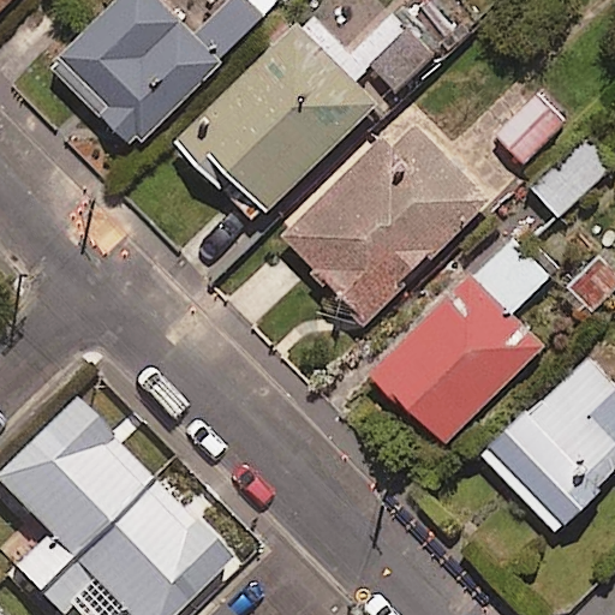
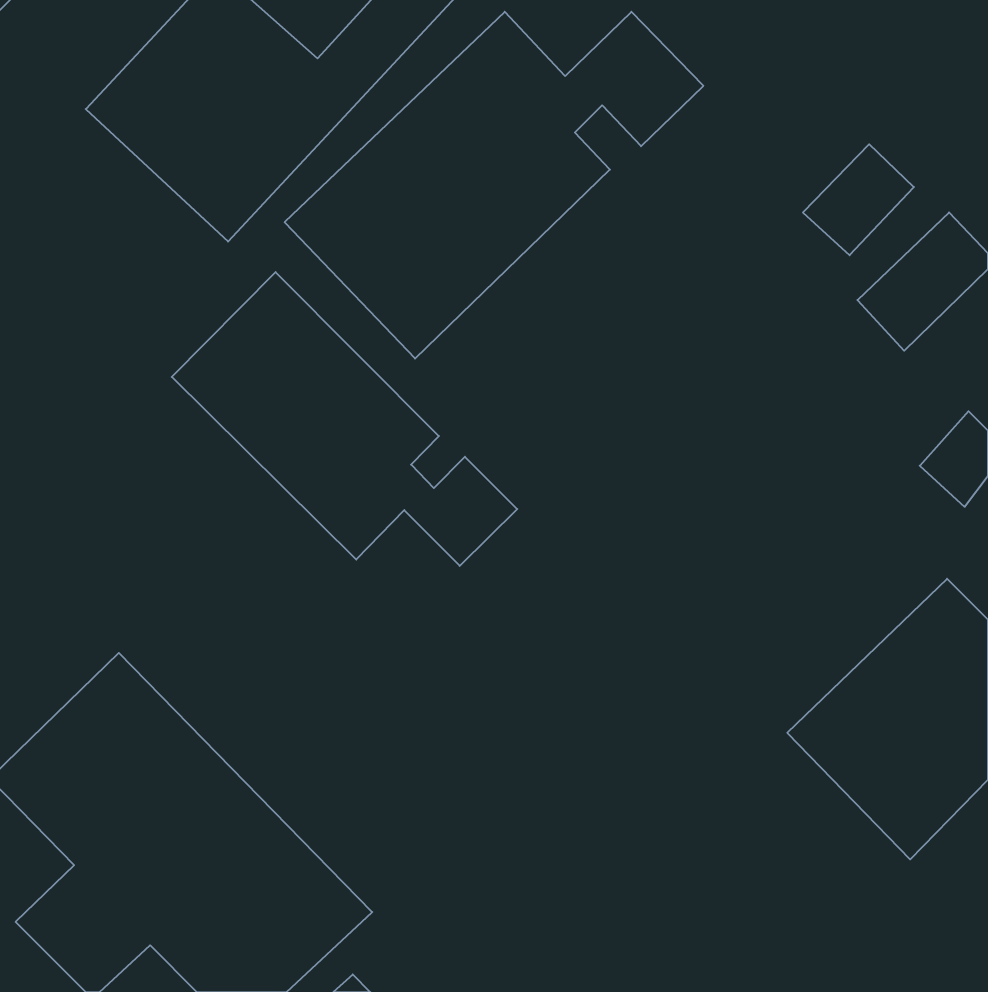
building: [281,113,488,320] -> none
building: none -> [172,272,517,566]
building: [376,237,549,443] -> none

